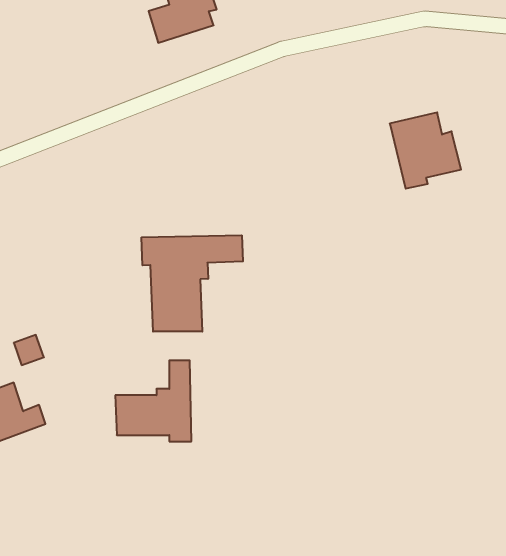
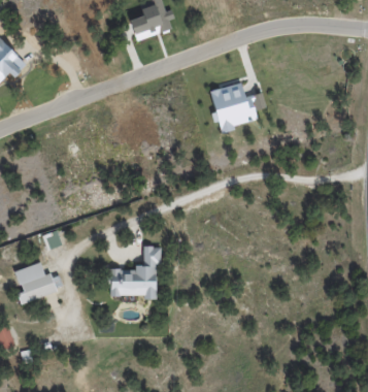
building: [390,112,461,189] -> [210,83,257,132]
building: [142,235,243,332] -> none

